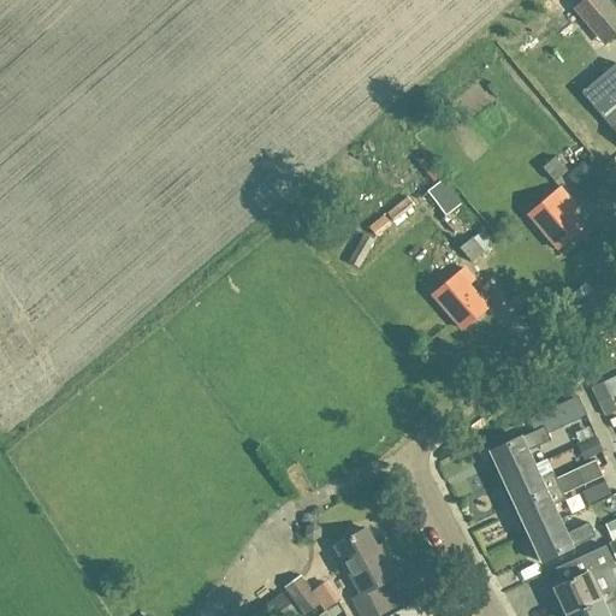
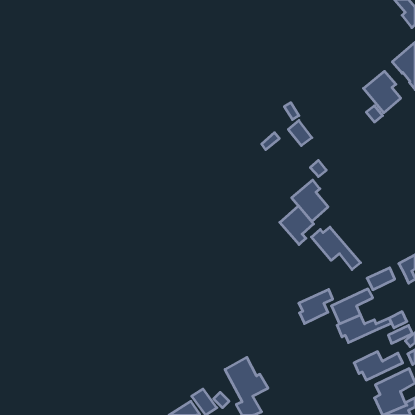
building: [528,188,584,249] -> [363,71,401,113]
building: none -> [280,206,314,245]
building: none -> [311,227,361,270]
building: [516,486,567,537] -> [299,289,333,324]

